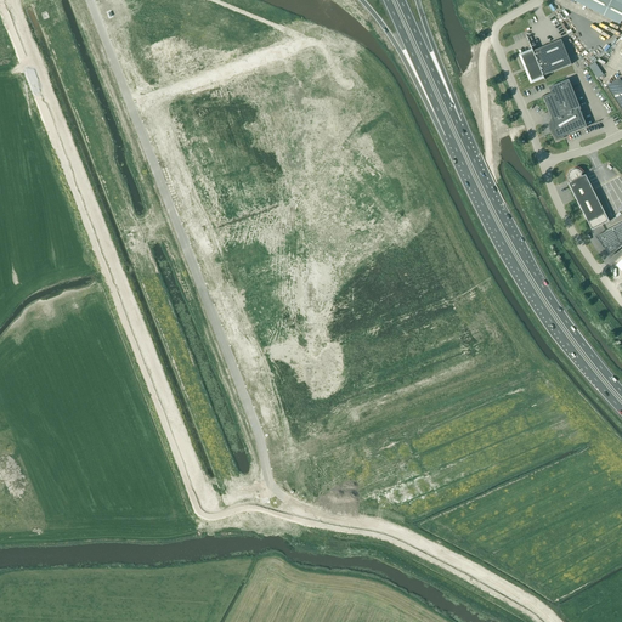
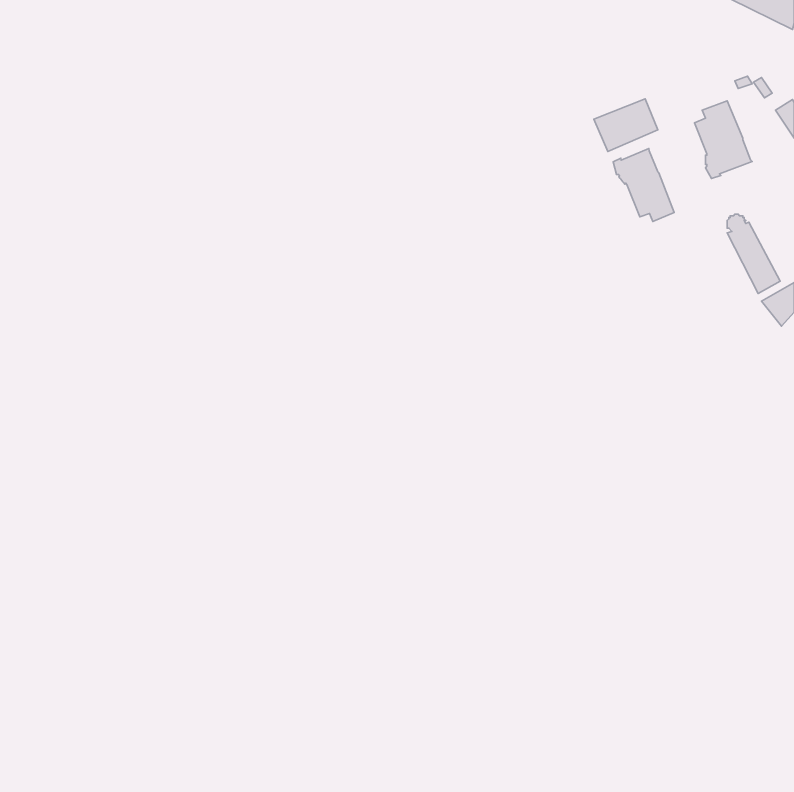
building: [521,39,571,80] -> [594,99,658,152]
building: none -> [613,148,674,222]

